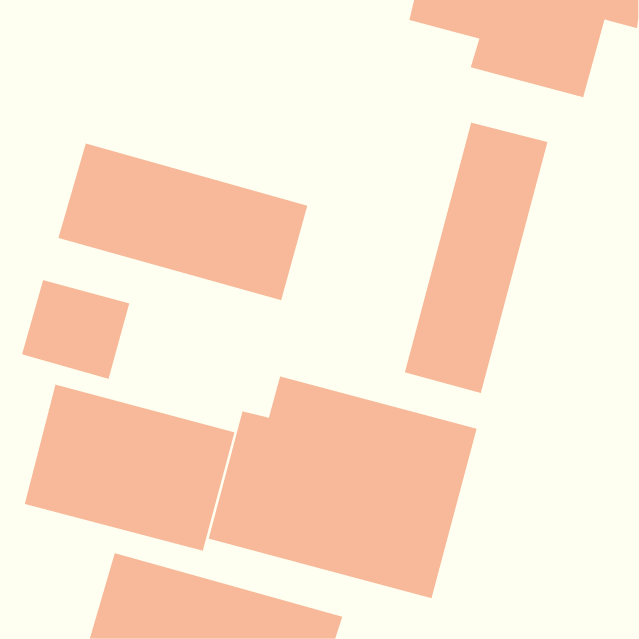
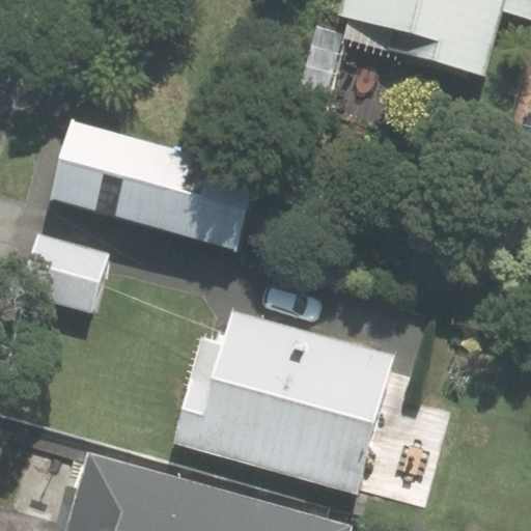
building: [404,122,548,394] -> none
building: [24,384,235,552] -> none

